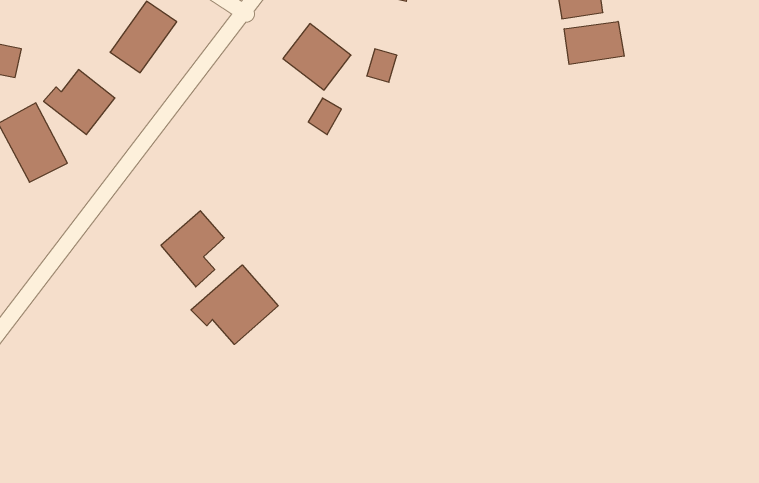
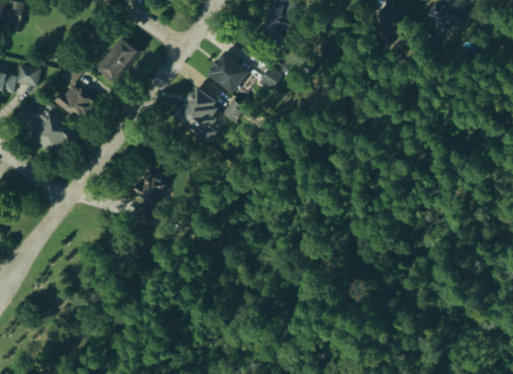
building: [564,21,624,64] -> none
building: none -> [173,89,221,144]
building: [191,265,278,344] -> none

